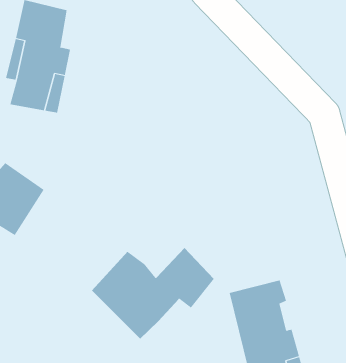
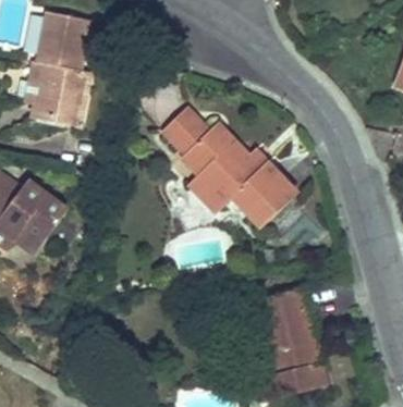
building: none -> [161,109,296,226]
building: [91,247,214,340] -> none

